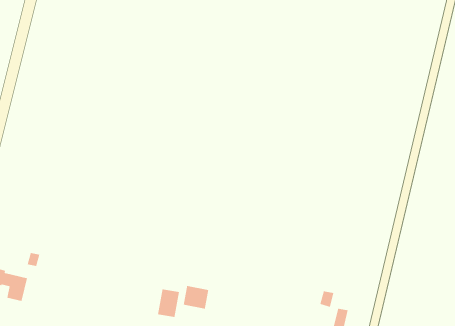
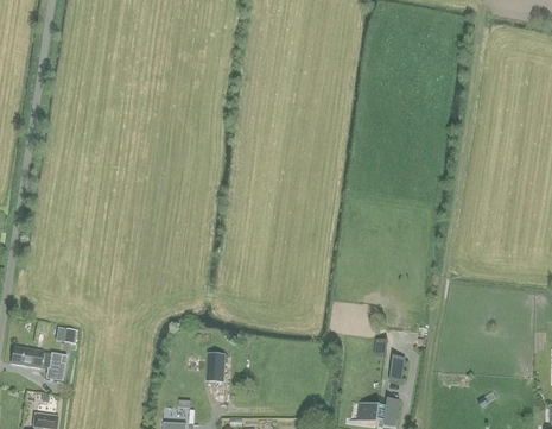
building: [183,285,209,310] -> none

